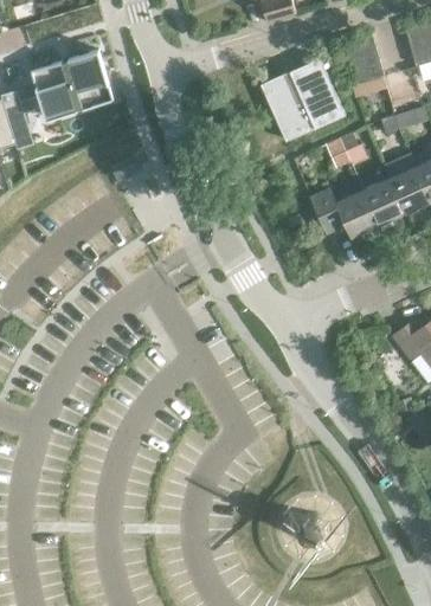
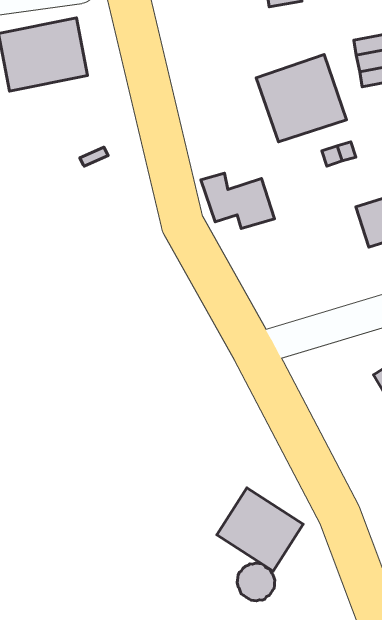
building: [309,188,378,236] -> [201,173,274,229]
building: none -> [217,488,303,571]

